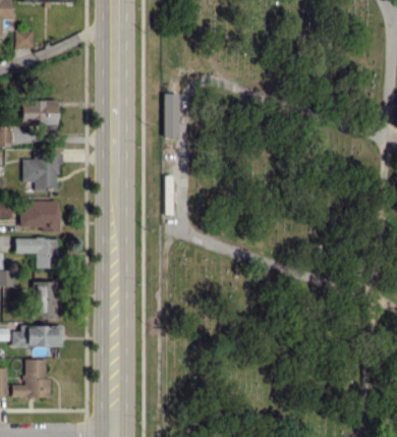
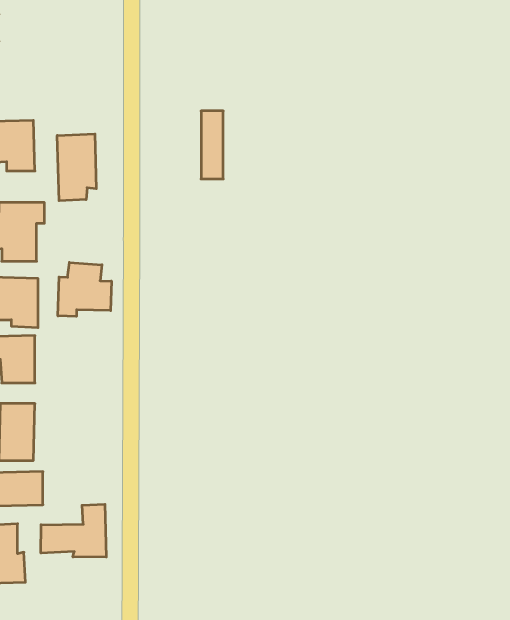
building: none -> [57,134,96,201]
building: none -> [58,262,111,316]
building: none -> [41,504,106,557]

